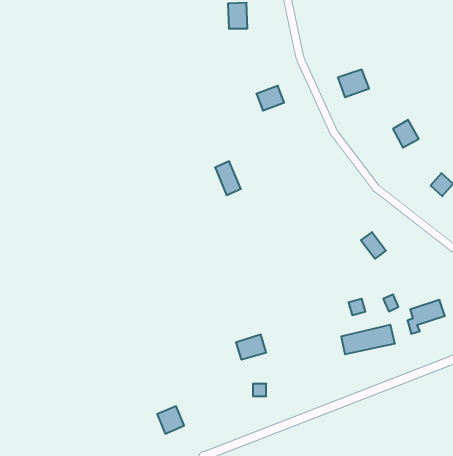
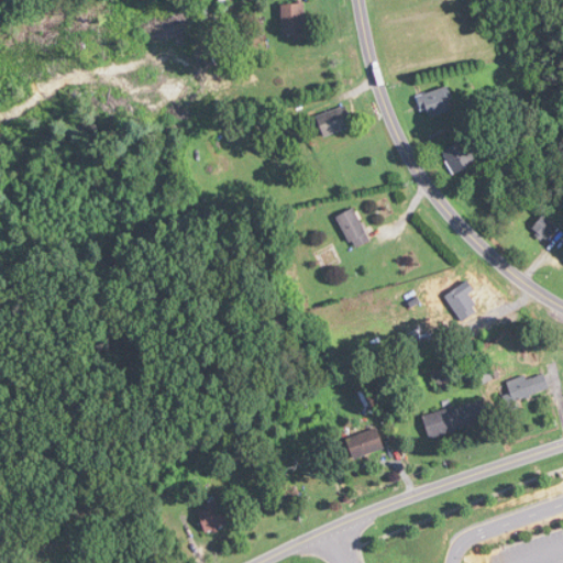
building: [393,120,419,148] -> [441,140,473,174]
building: [215,161,241,195] -> [338,207,369,249]
building: [236,335,266,360] -> [344,427,382,457]

